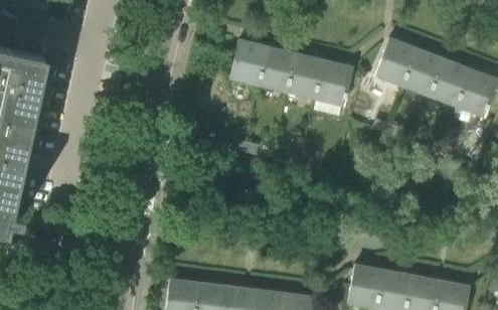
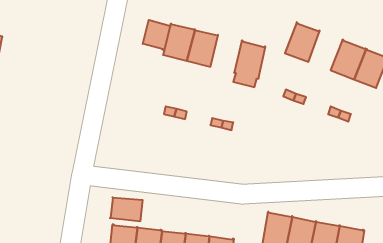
building: none -> [143,20,170,50]
building: [402,48,443,95] -> none
building: [286,52,323,98] -> none
building: none -> [110,197,143,221]

